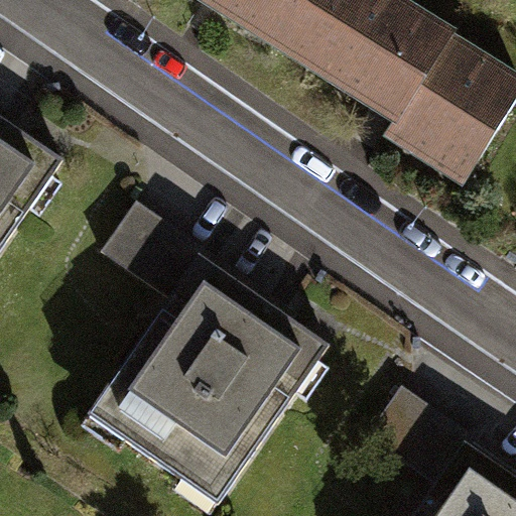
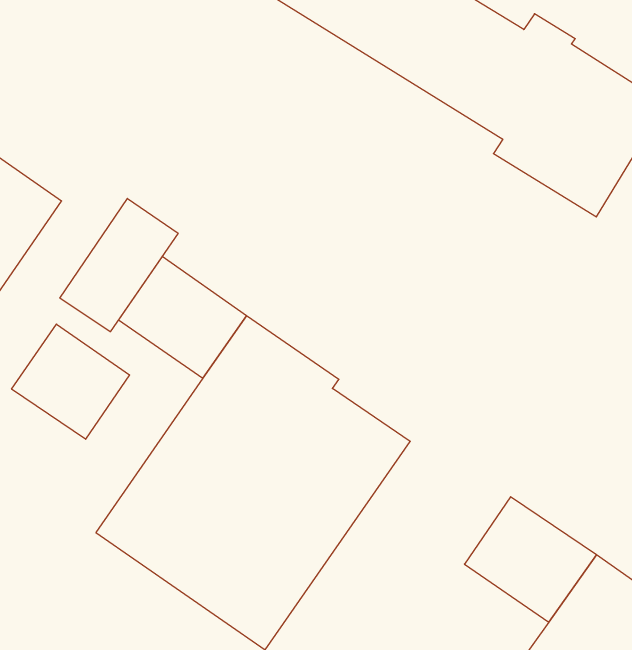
building: none -> [60,198,178,332]
building: none -> [12,324,130,439]

